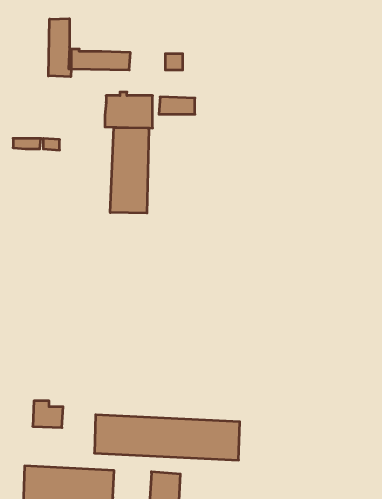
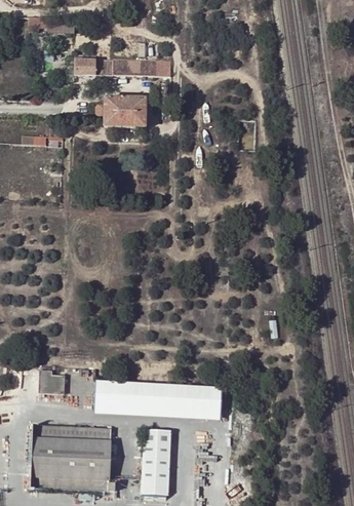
building: [48,19,71,77] -> none
building: [159,97,195,114] -> [124,60,156,75]
building: [110,128,149,213] -> none

